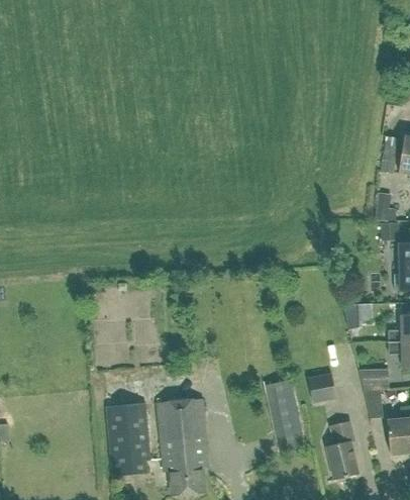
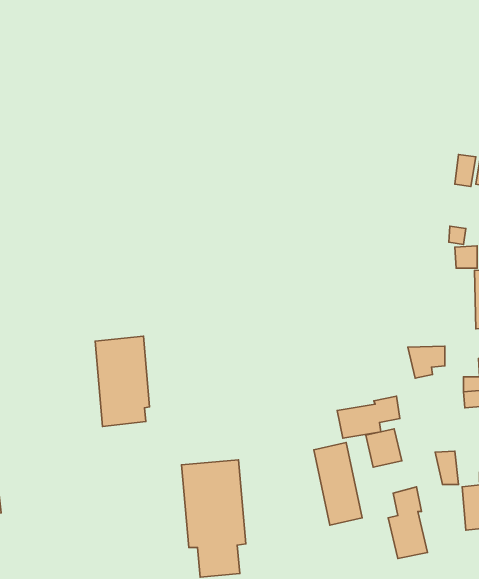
building: none -> [337,396,400,438]
building: [360,370,389,391] -> none
building: [107,402,151,476] -> [95,336,150,427]

